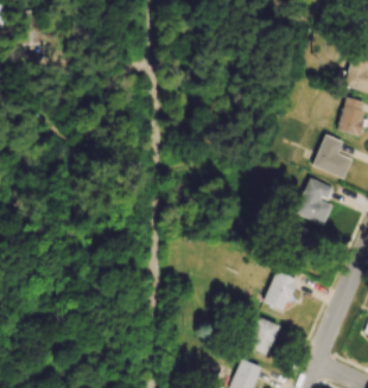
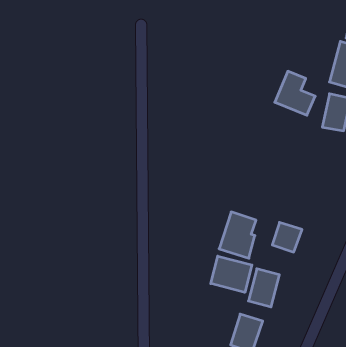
building: [312,134,353,178] -> [275,71,315,115]
building: [296,178,332,224] -> [219,212,256,258]
building: none -> [211,256,252,292]

